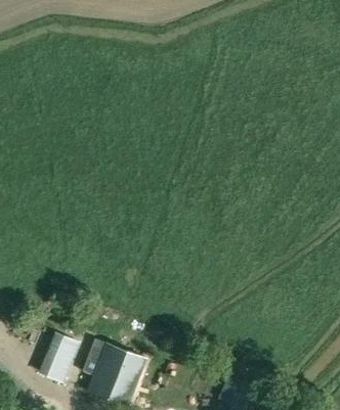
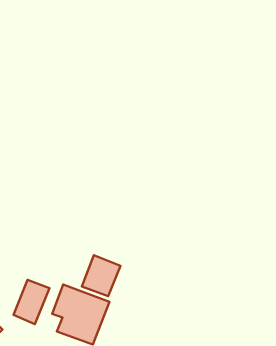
building: none -> [82,255,120,296]

